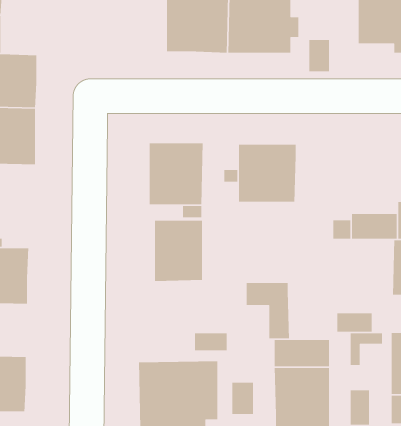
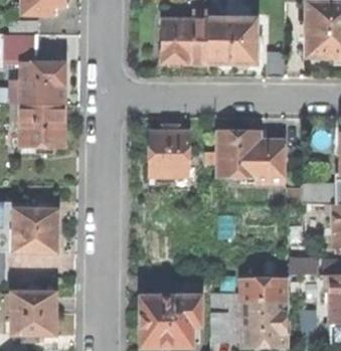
building: none -> [241,140,285,182]
building: [154,220,203,282] -> none
building: [246,282,290,339] -> [211,293,244,336]

